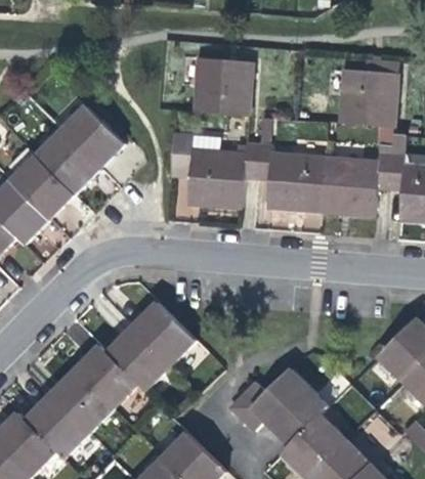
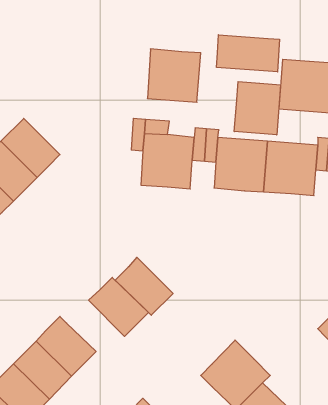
building: none -> [217,35,279,72]
building: none -> [234,82,281,135]
building: [61,107,125,170] -> none
building: [108,326,170,389] -> [115,257,173,315]
building: [227,384,264,433] -> none

